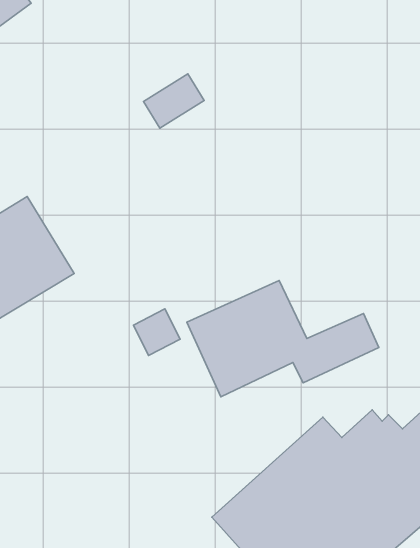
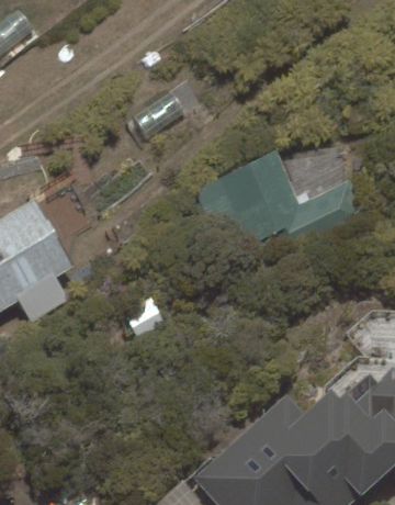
building: [187,281,379,397] -> [195,156,362,257]

